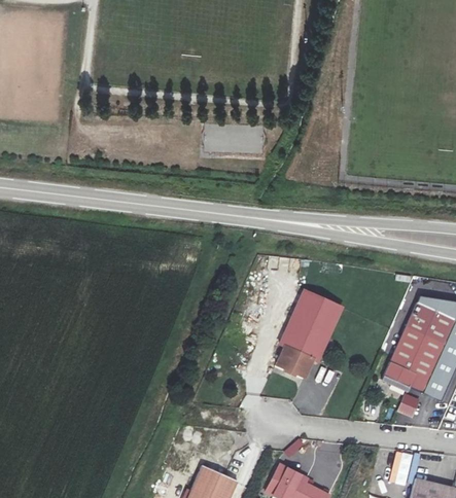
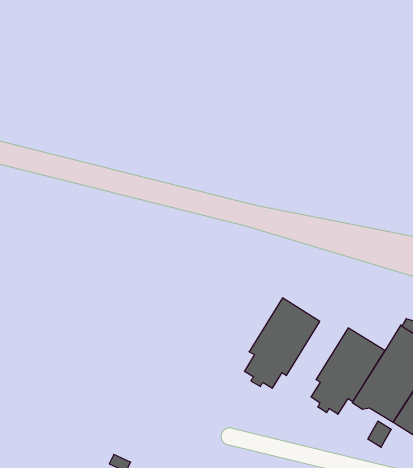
building: none -> [311,328,385,414]

